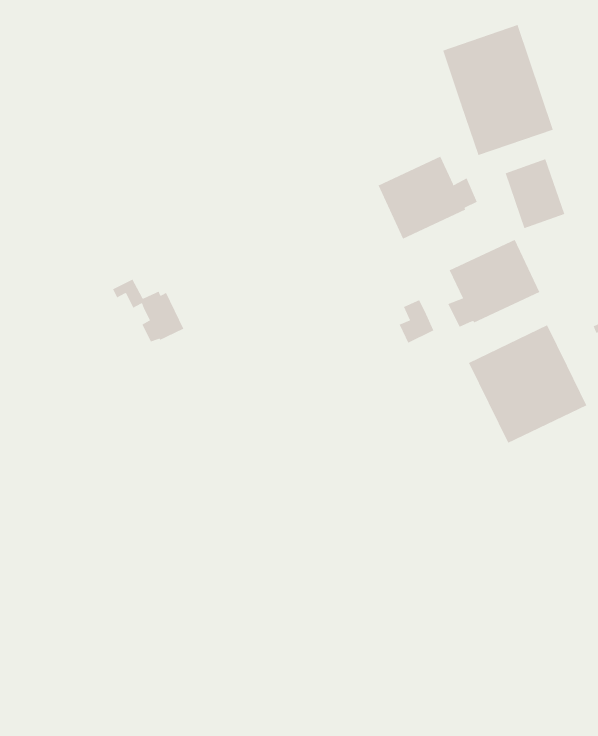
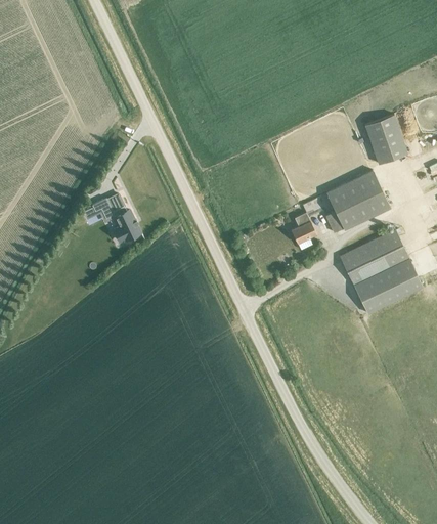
building: [443,24,553,156] -> none
building: [378,156,478,239] -> none

